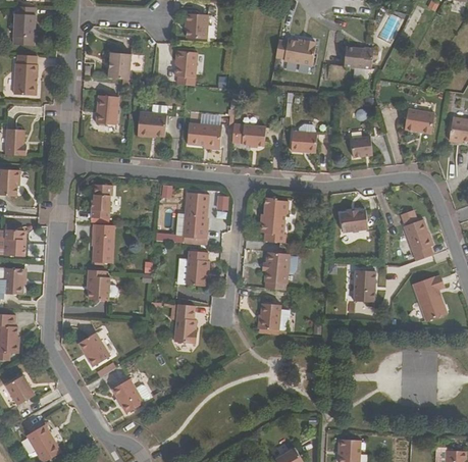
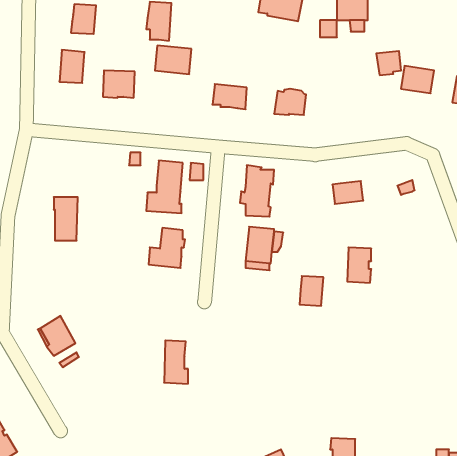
building: [188,120,220,146] -> [155,46,191,74]
building: [350,137,372,158] -> [376,51,401,75]
building: [91,184,111,217] -> none
building: [403,218,432,261] -> none
building: [87,275,117,300] -> none
building: [413,276,448,322] -> none
building: [259,302,280,328] -> [300,276,323,306]
building: [176,304,198,343] -> [164,340,188,384]
building: [113,378,146,413] -> none

